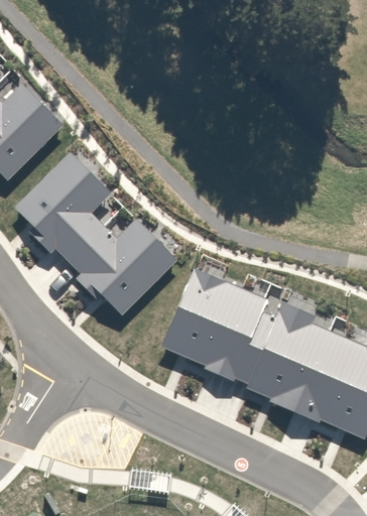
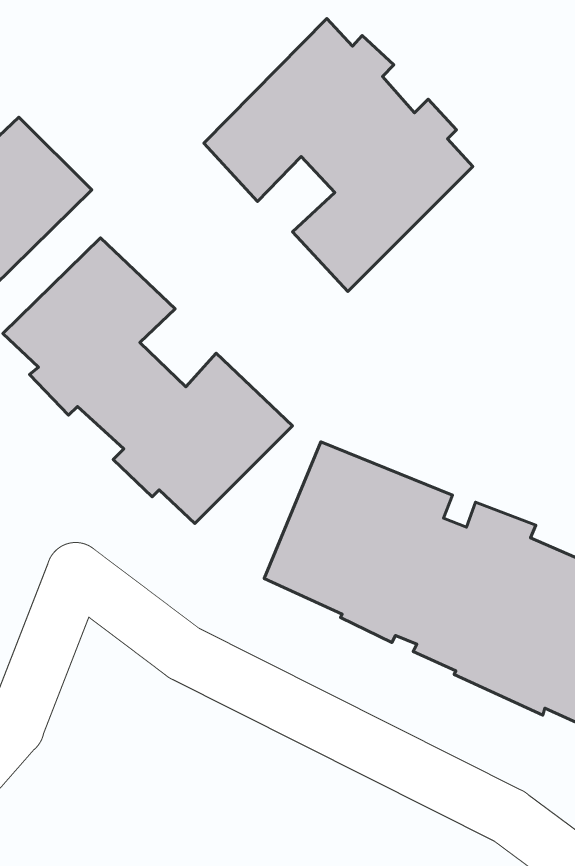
building: none -> [204,18,473,292]

